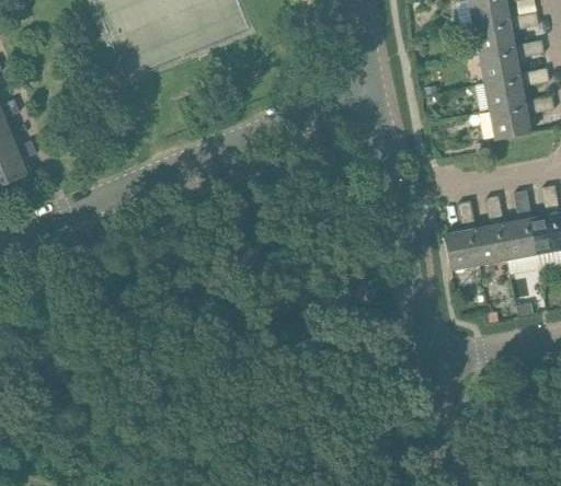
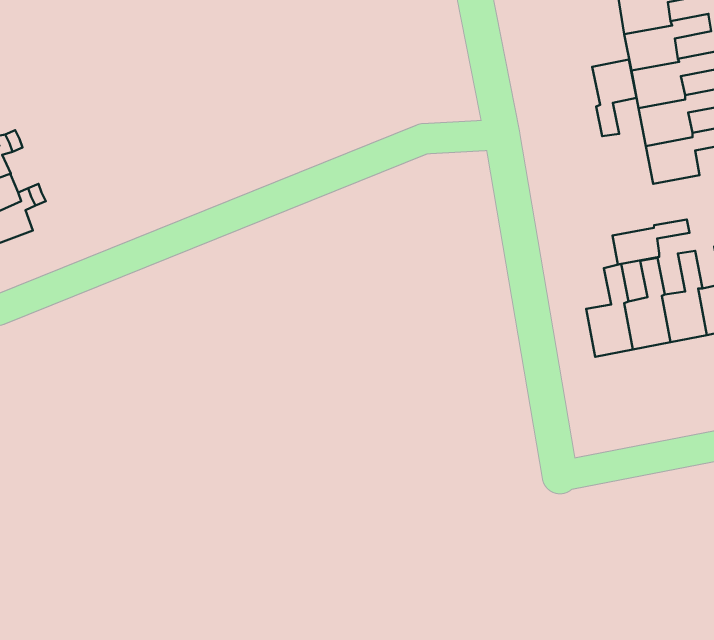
building: none -> [592,60,637,136]
building: none -> [612,219,690,264]

